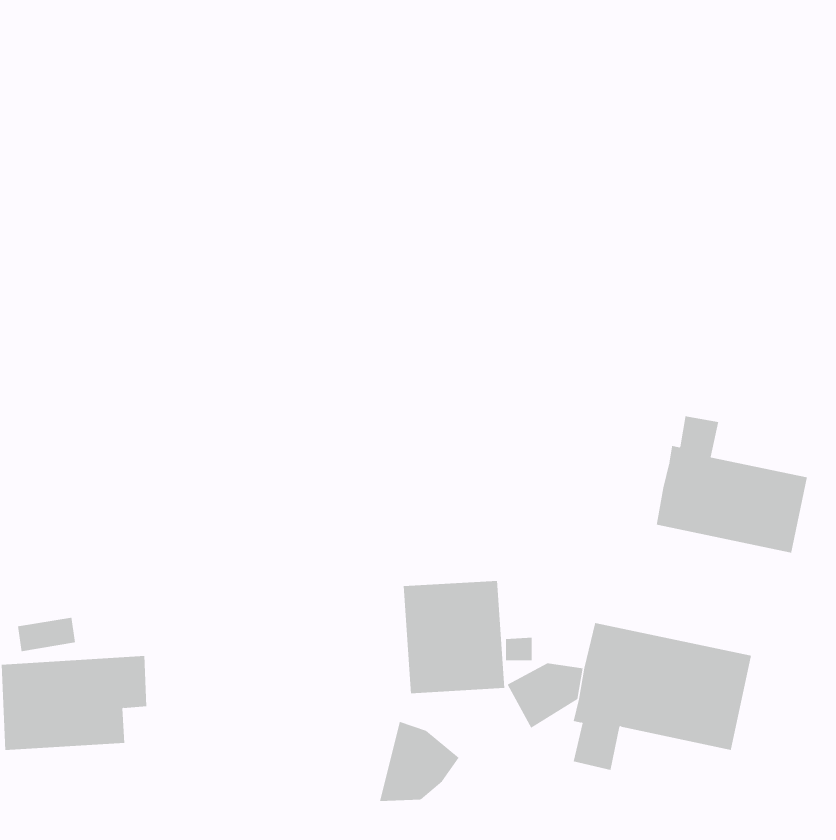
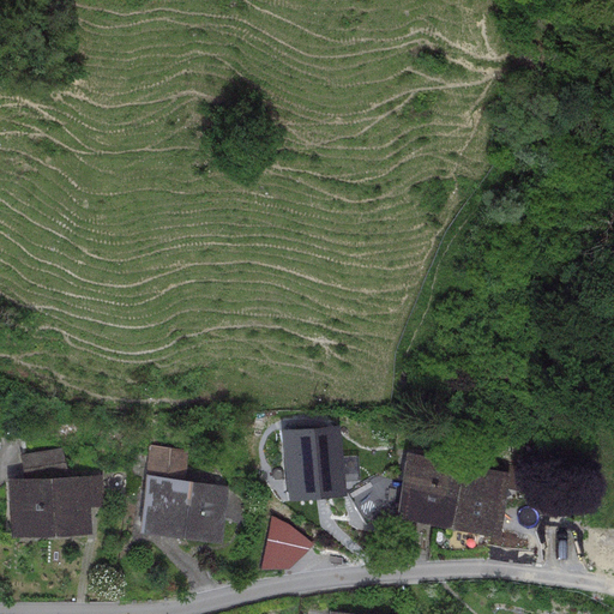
building: [656,415,807,554] -> none
building: none -> [142,447,231,543]

